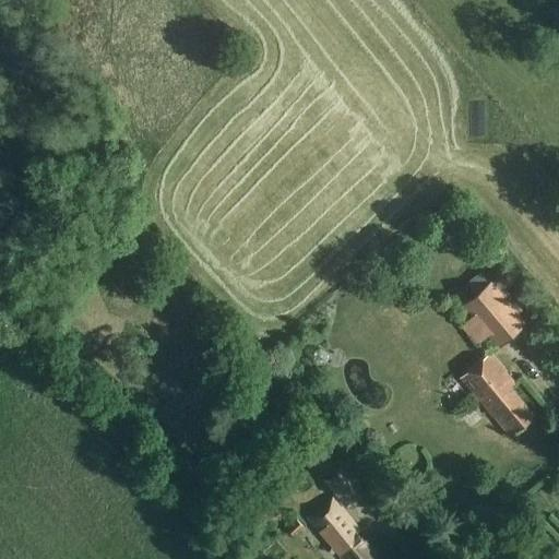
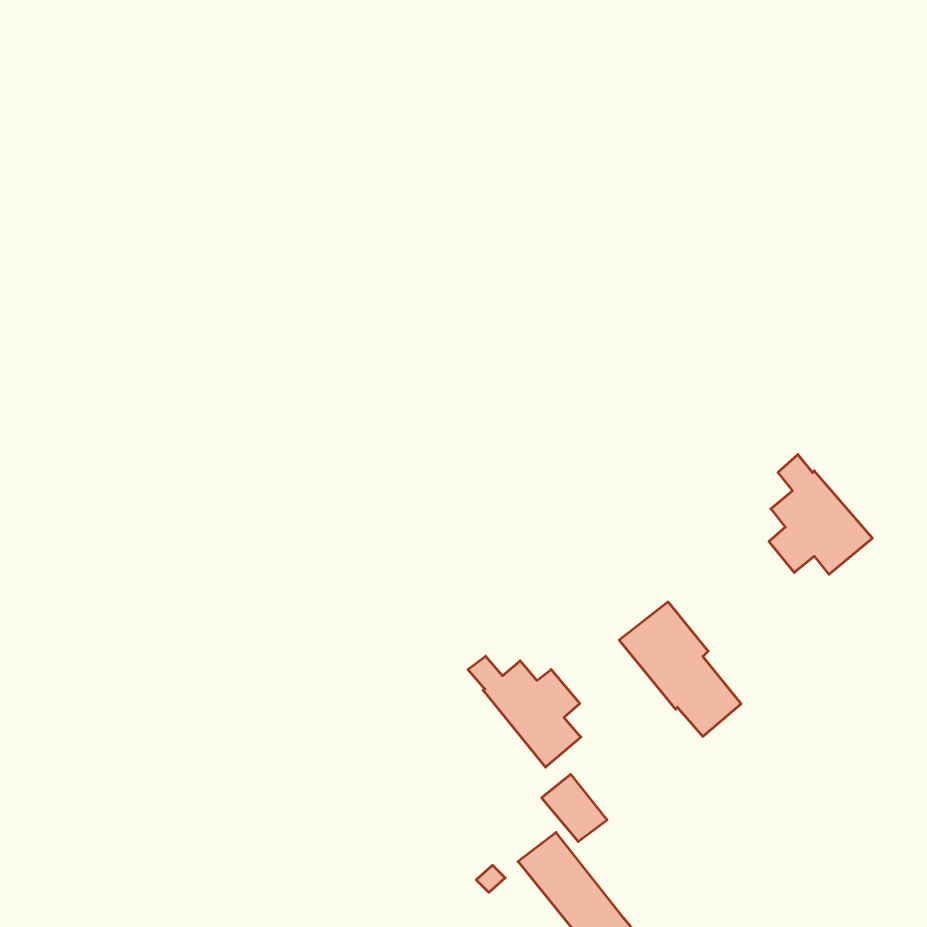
building: [461,356,534,437] -> [619,602,741,736]
building: none -> [468,656,581,767]

